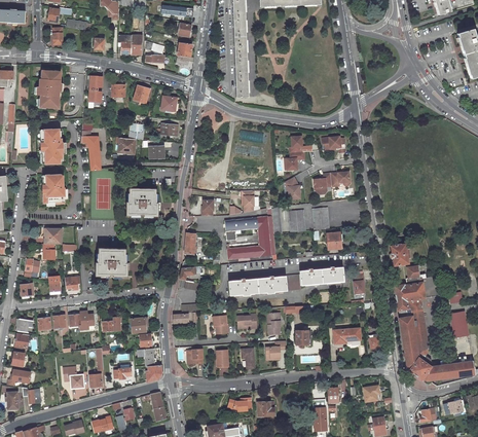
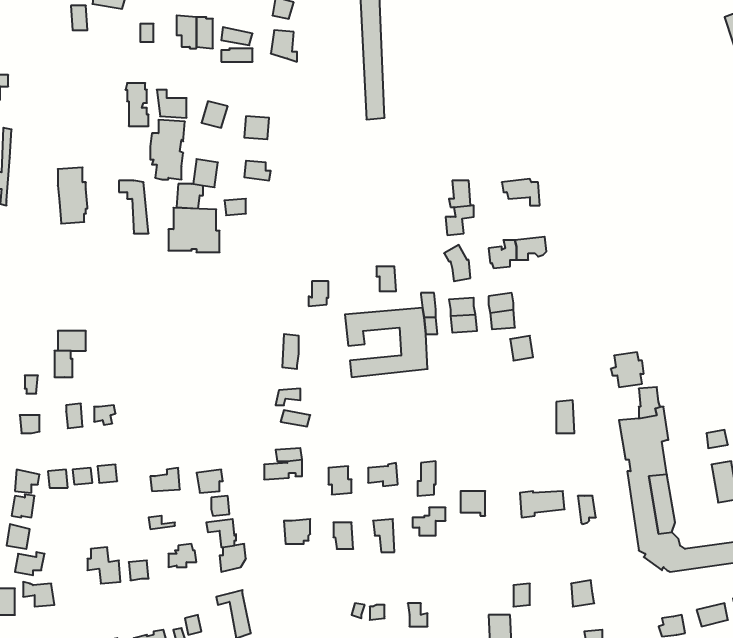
building: [39,71,61,108] -> [150,120,185,179]
building: [46,175,66,206] -> none
building: [126,189,158,217] -> [168,208,220,252]
building: [95,248,126,277] -> none
building: [228,266,343,294] -> none

